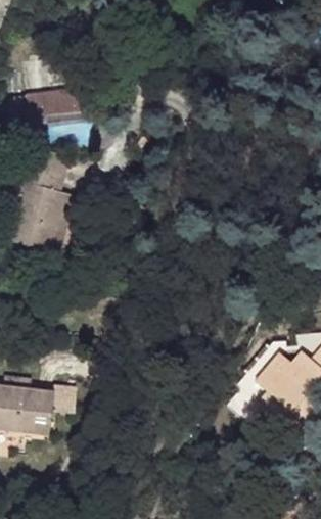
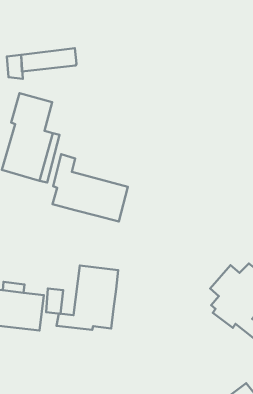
building: none -> [53,154,128,221]
building: none -> [57,266,118,330]

